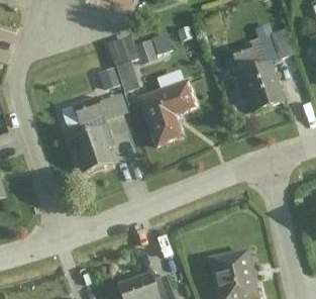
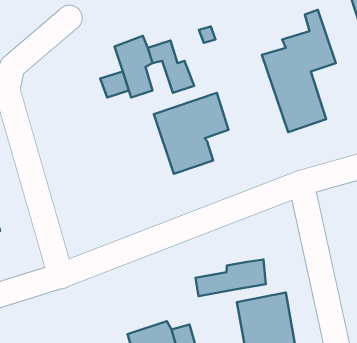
building: [70,89,134,175] -> none
building: none -> [195,260,266,296]

